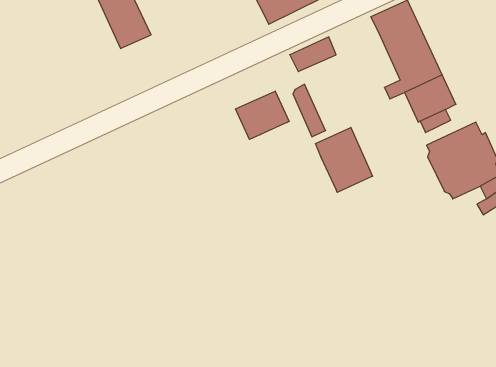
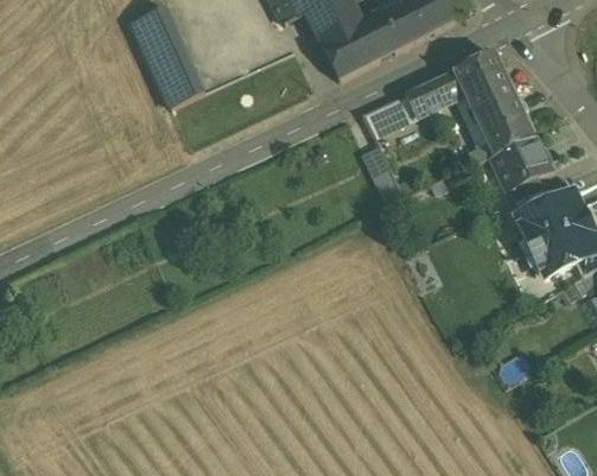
building: none -> [405,69,462,112]
building: [236,91,289,139] -> none
building: [315,127,373,192] -> none

